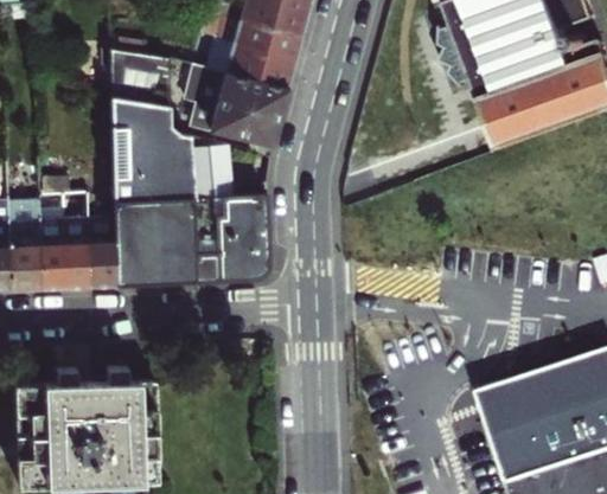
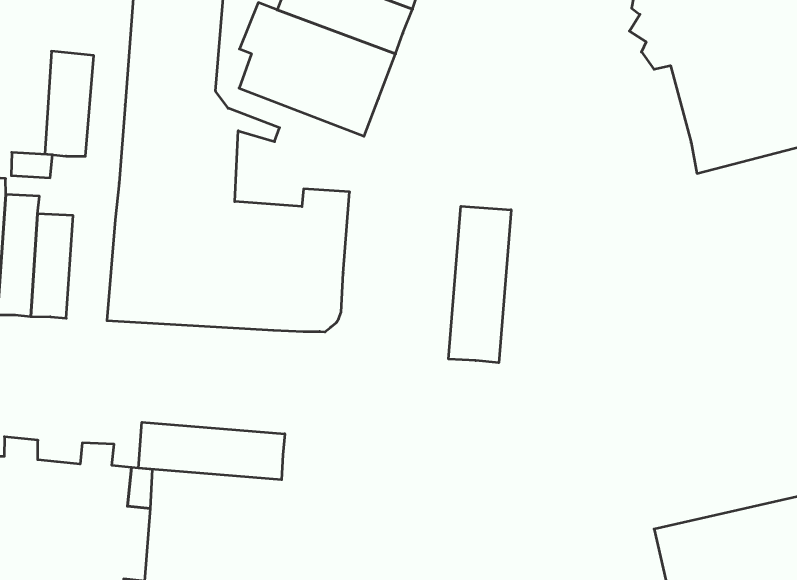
building: [189,146,236,198] -> none
building: none -> [449,206,511,363]
building: [84,218,114,287] -> [45,51,94,156]
building: none -> [139,422,285,480]

